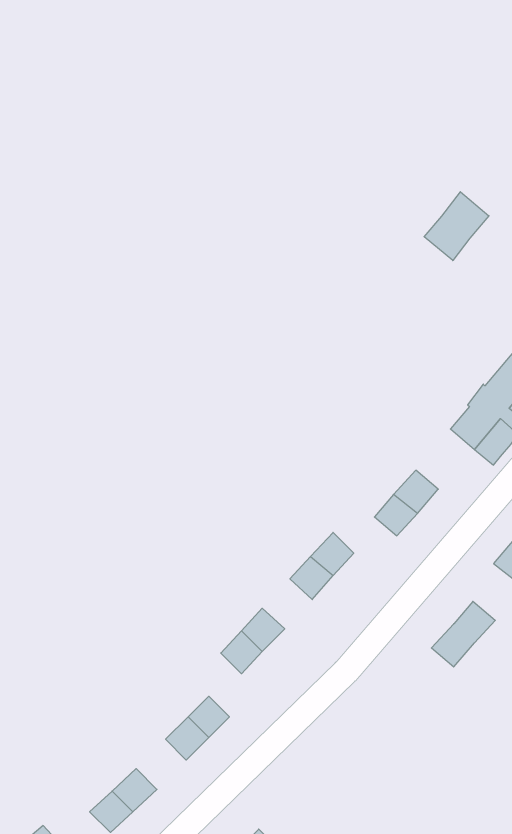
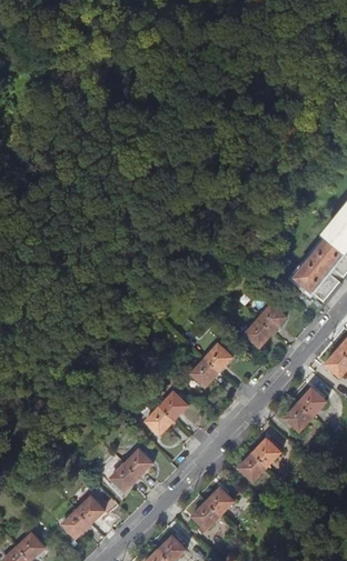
building: [424,192,489,261] -> none
building: none -> [236,437,277,478]
building: none -> [189,485,230,528]

